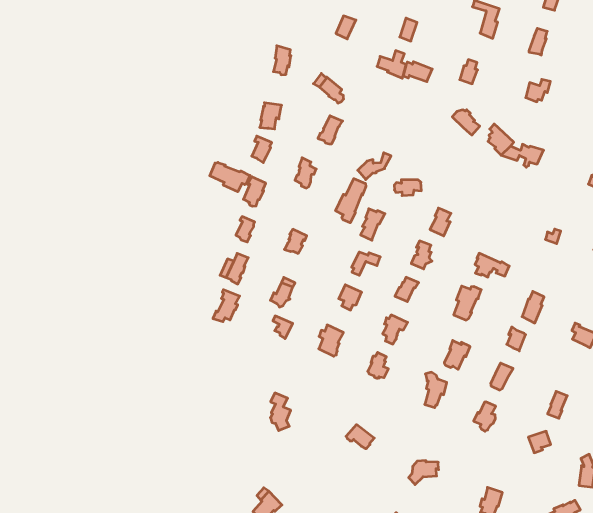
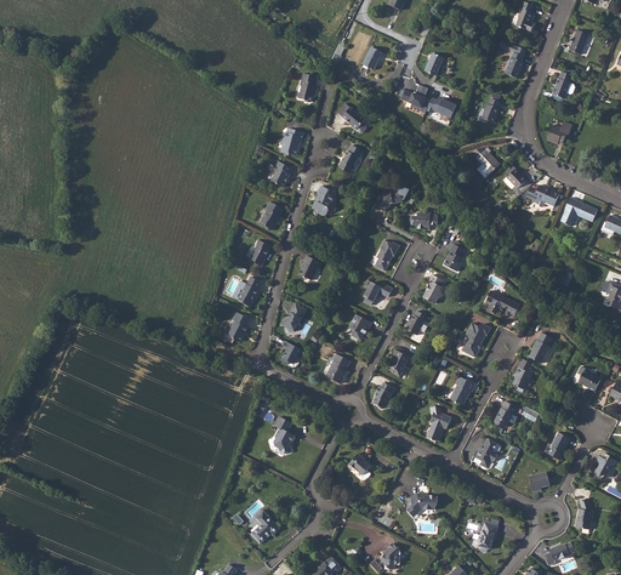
building: none -> [564,197,600,224]
building: [210,162,250,192] -> none
building: [336,179,366,223] -> none

